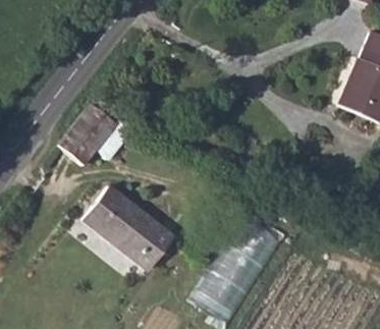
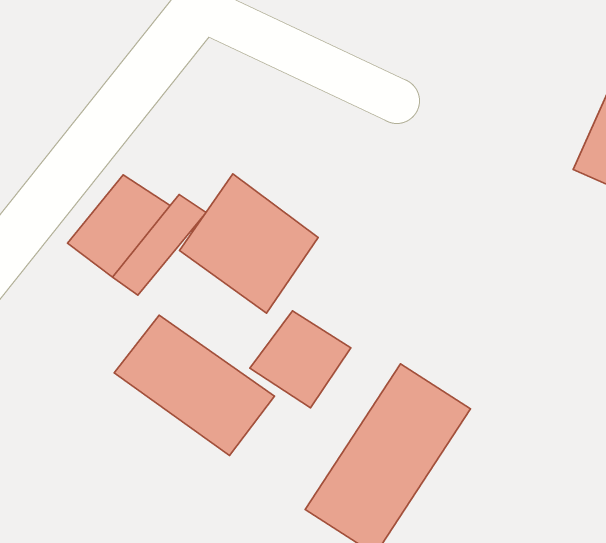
building: none -> [180,174,318,313]
building: none -> [250,311,351,408]

